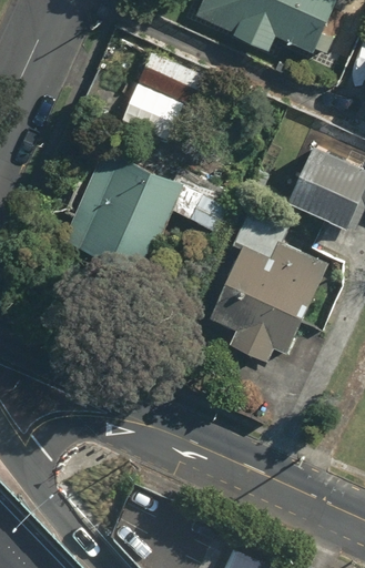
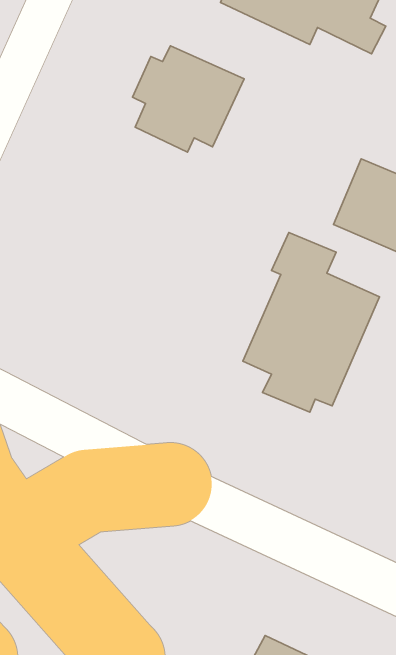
building: [63,149,184,275] -> none

